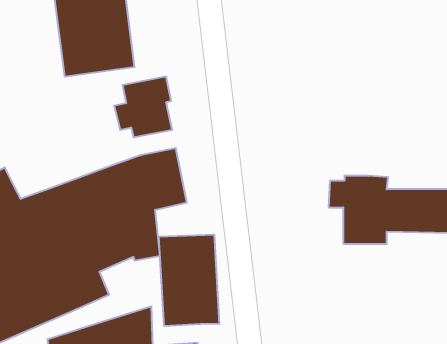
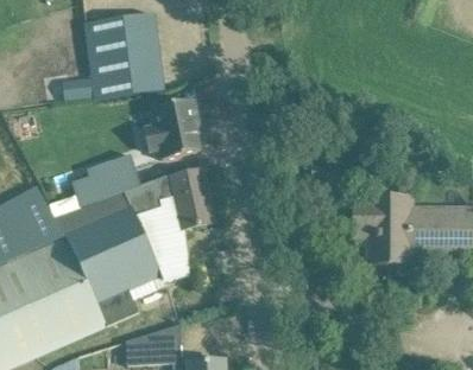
building: none -> [88,153,141,200]
building: [159,234,219,326] -> none

